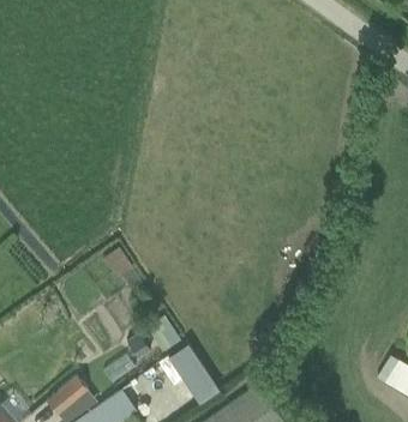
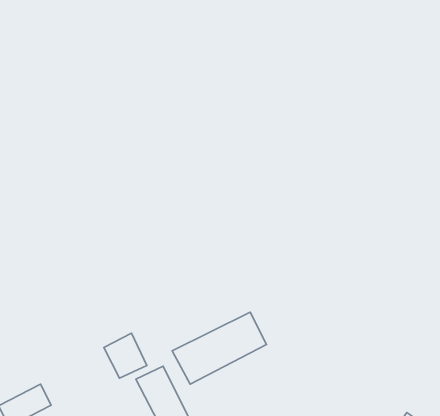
building: none -> [172,312,267,384]

